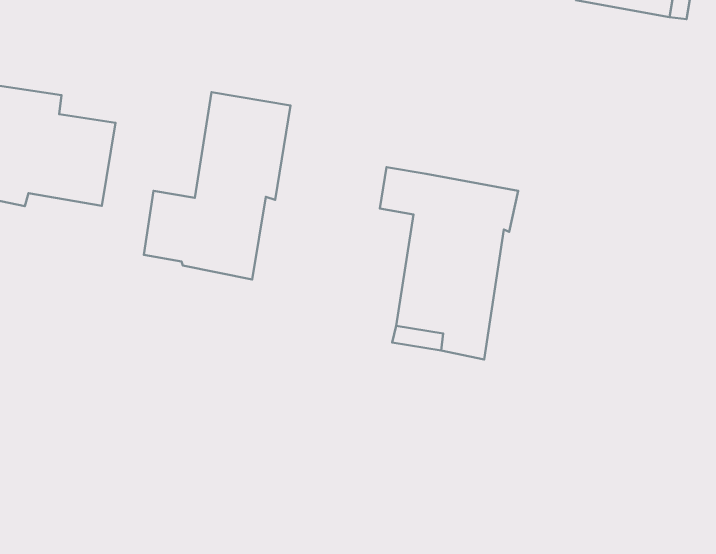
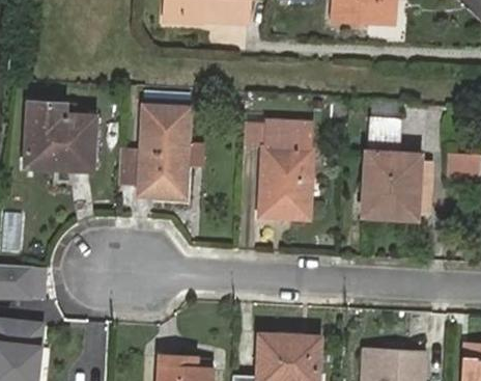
building: none -> [363,102,417,217]

